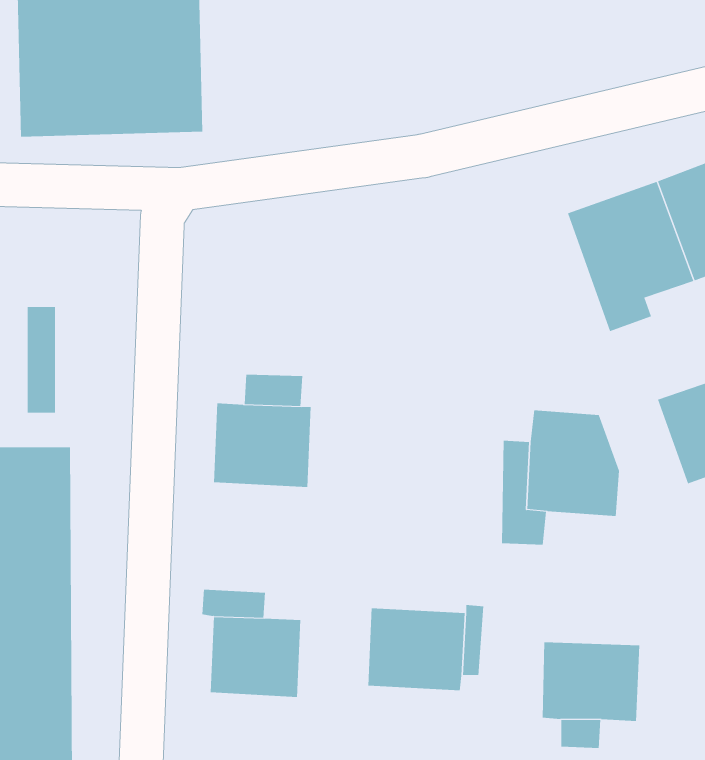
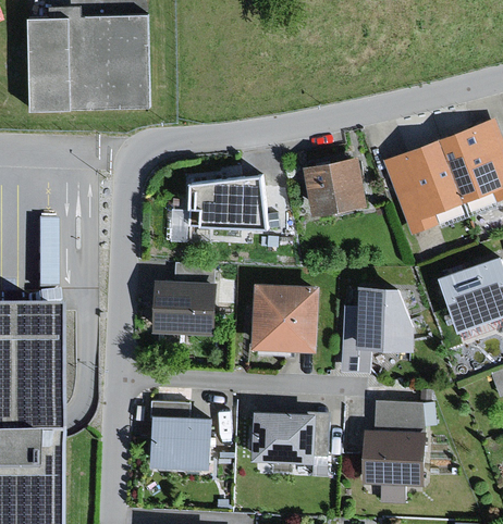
building: none -> [302,158,365,217]
building: none -> [187,176,270,230]
building: none -> [252,285,319,352]
building: none -> [371,400,434,428]

